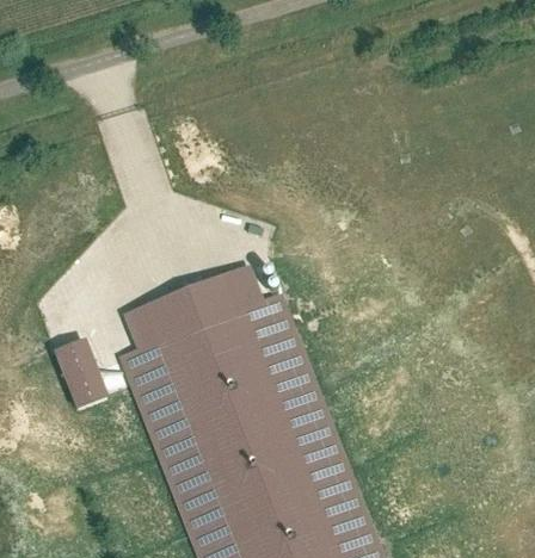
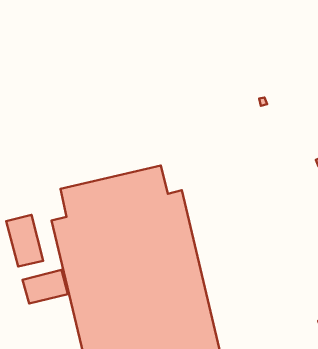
building: none -> [22,270,68,304]

